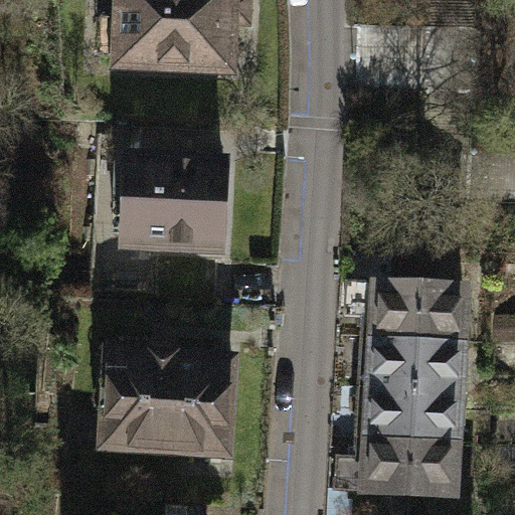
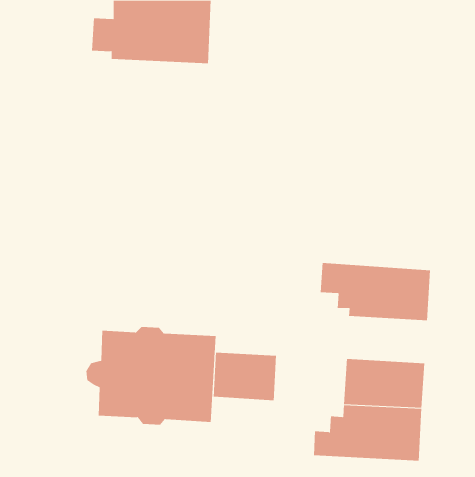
building: [120,165,226,249] -> none
building: [376,342,464,392] -> none
building: none -> [213,352,277,401]

